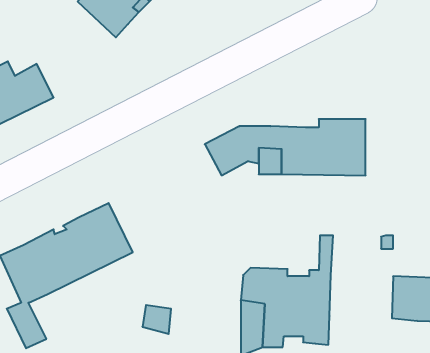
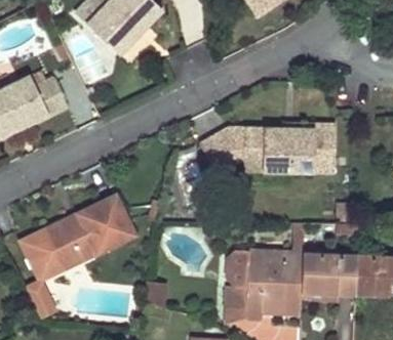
building: none -> [303,256,357,293]

